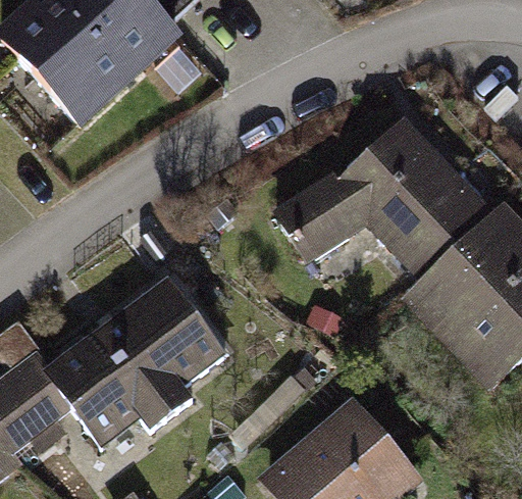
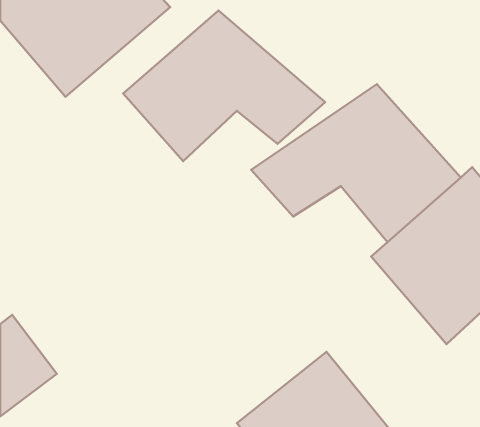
building: none -> [123,11,325,161]
building: [44,279,223,446] -> none

